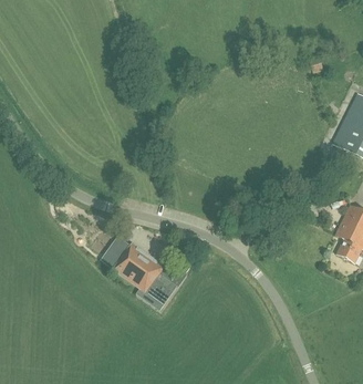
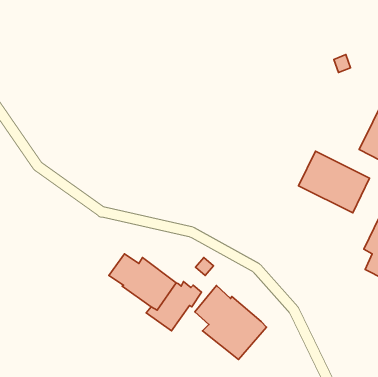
building: none -> [299,151,370,213]
building: none -> [195,286,267,360]

